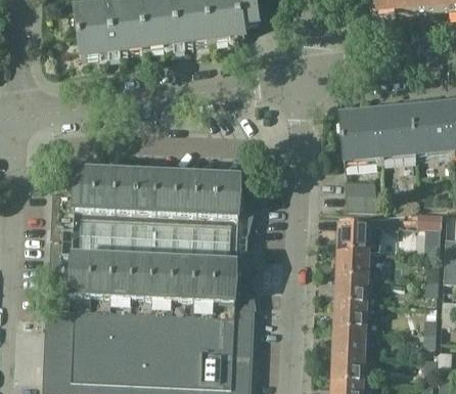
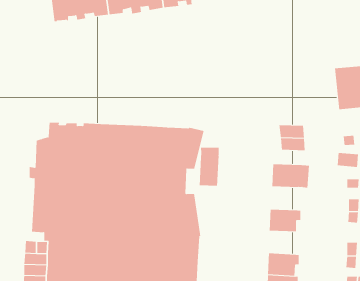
building: [340,106,416,162] -> none
building: none -> [199,147,219,187]
building: [335,246,373,273] -> none
building: [333,298,371,325] -> none

